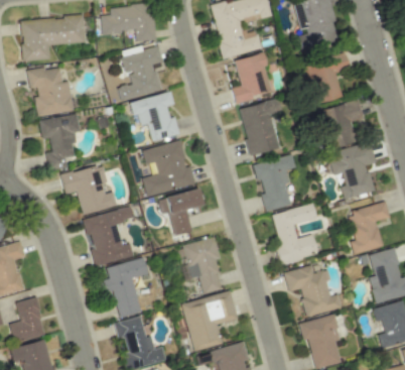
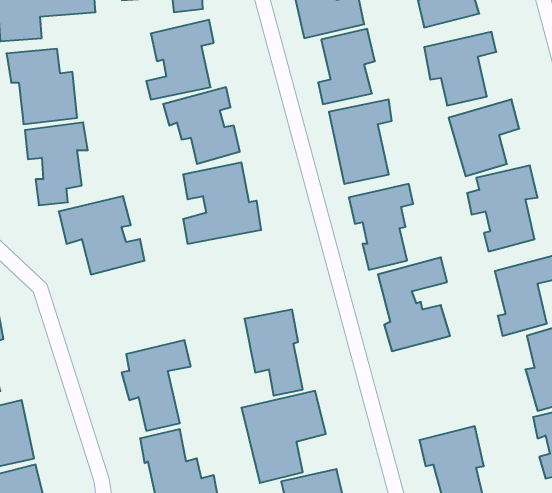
building: [160,188,200,235] -> none
building: [85,207,135,265] -> none
building: [283,265,341,317] -> none

